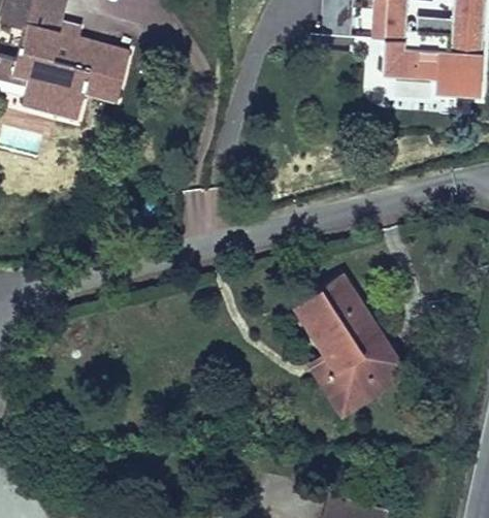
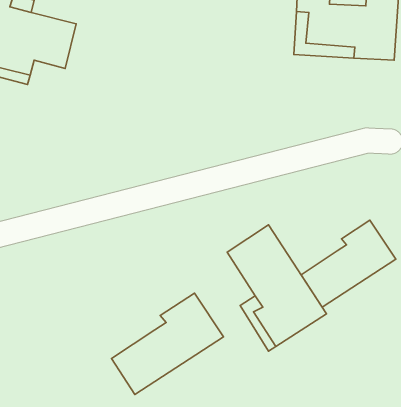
building: none -> [301,220,396,307]
building: none -> [111,293,223,395]

